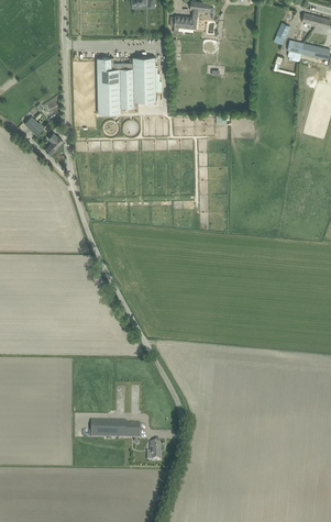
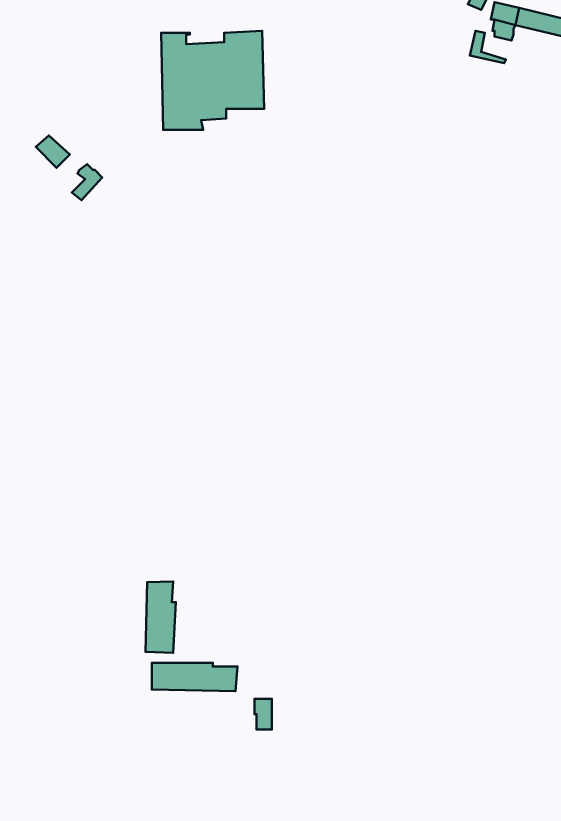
building: none -> [146,581,176,653]

